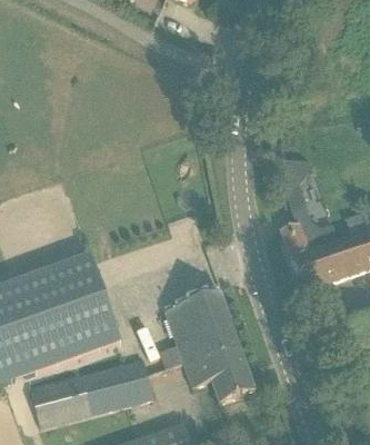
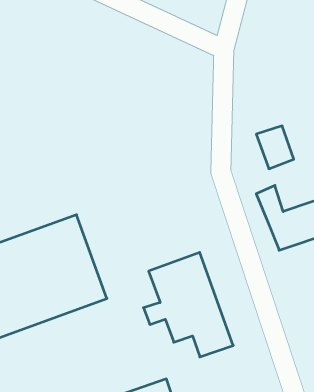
building: [30,358,153,428] -> none

